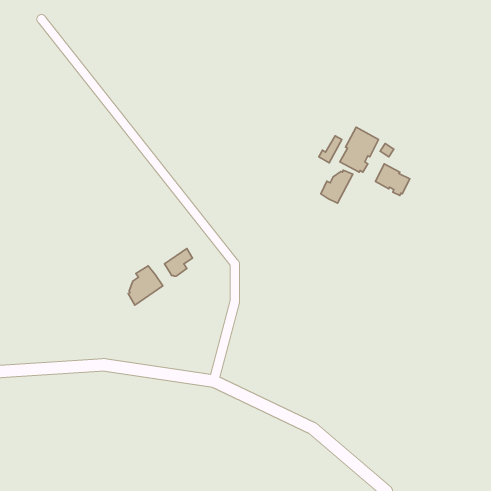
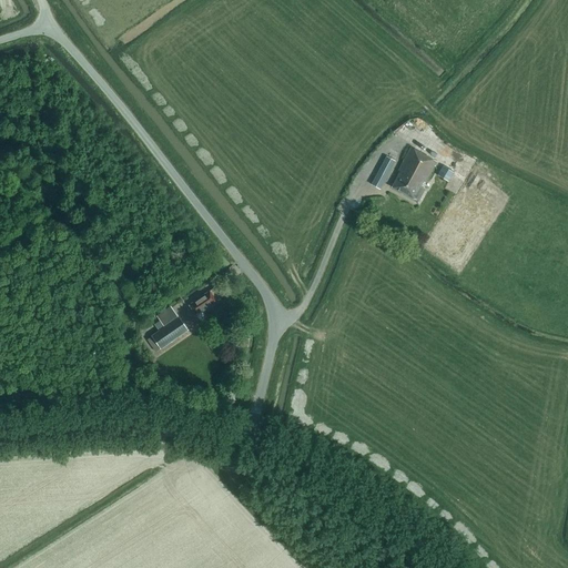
building: [376,164,410,196] -> none
building: [321,170,353,203] -> none

